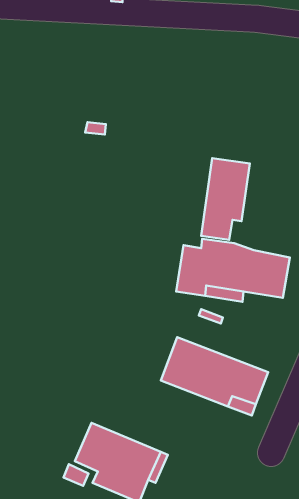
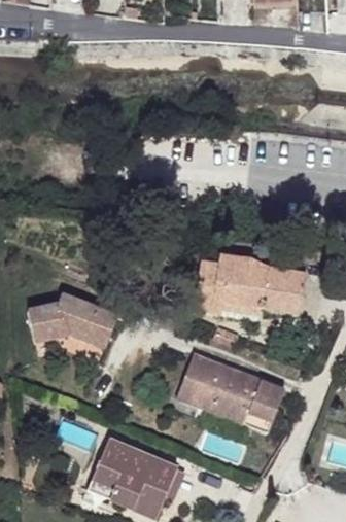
building: [201,158,250,240] -> none
building: none -> [29,286,132,346]

